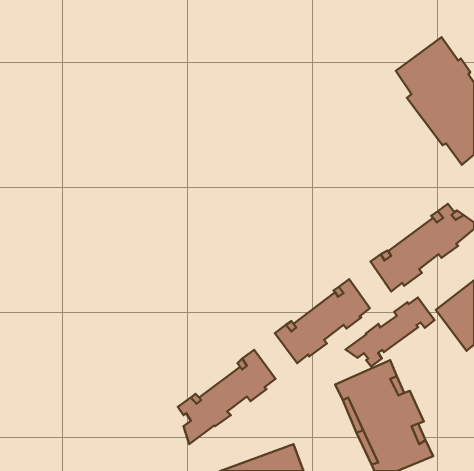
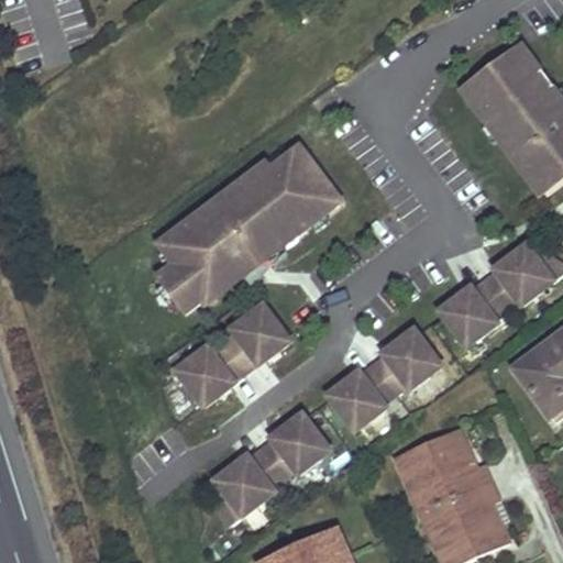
building: none -> [156,148,341,314]
building: none -> [179,308,289,404]
building: [345,297,435,366] -> none

